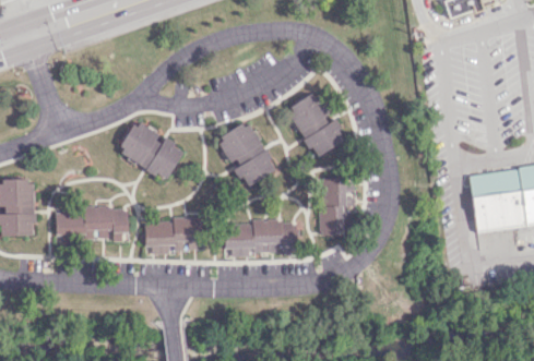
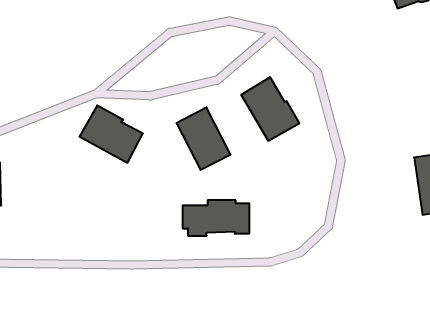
building: [321,178,356,236] -> none
building: [56,207,129,242] -> none
building: [145,219,204,254] -> none

